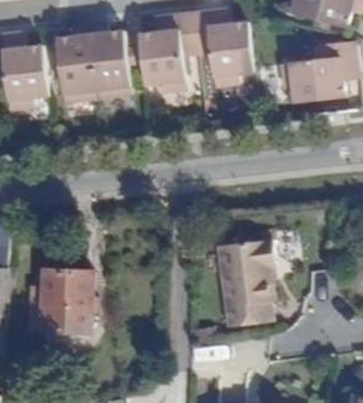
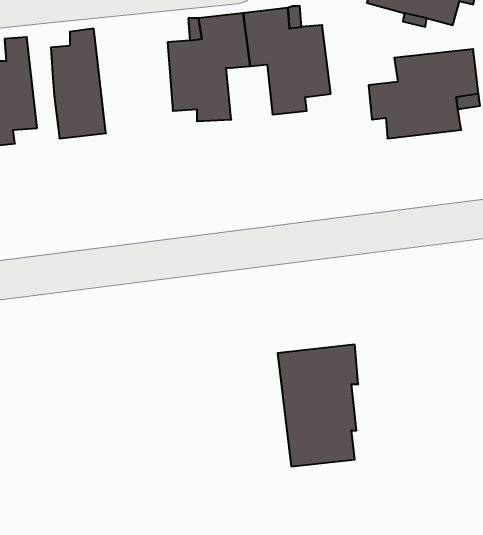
building: [88,24,130,99] -> none
building: [41,267,99,327] -> none

